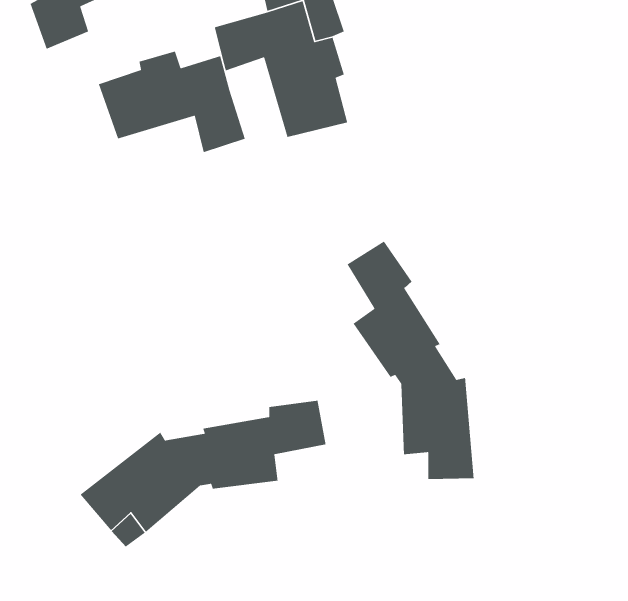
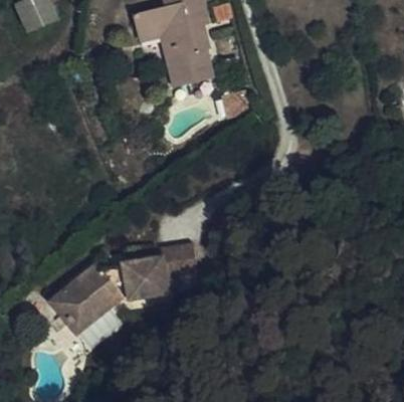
building: [98,51,246,153] -> none
building: [347,241,475,480] -> none

